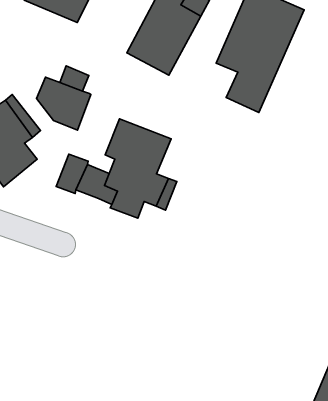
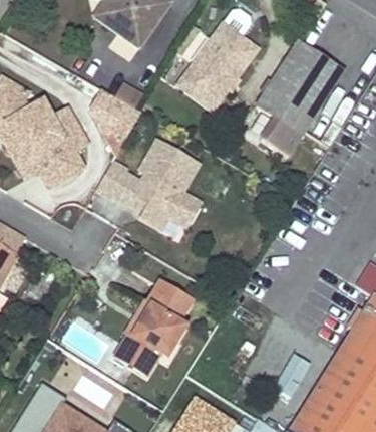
building: none -> [115,281,194,375]

